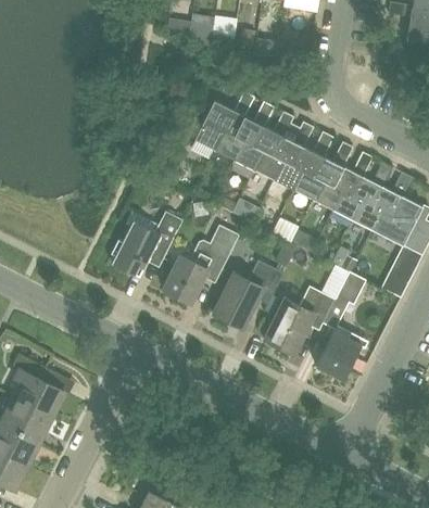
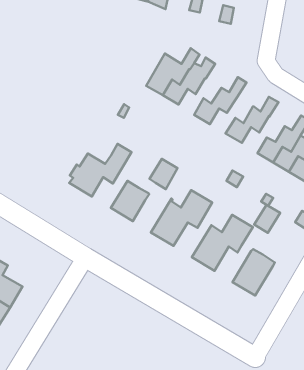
building: [229,112,294,180] -> none
building: [274,131,333,190] -> none
building: [314,152,374,211] -> none

